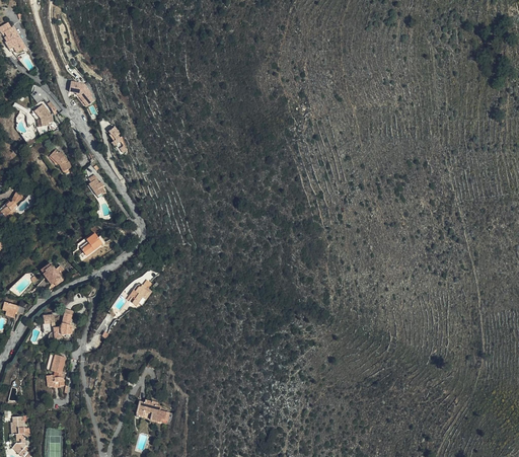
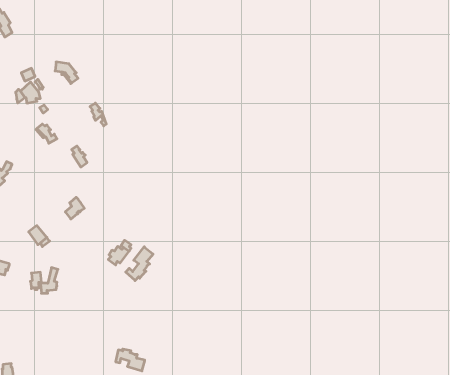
building: none -> [126,247,153,281]
building: [47,353,65,387] -> none

